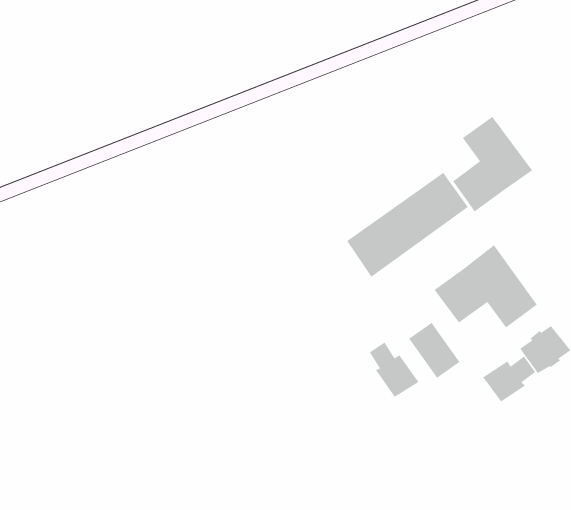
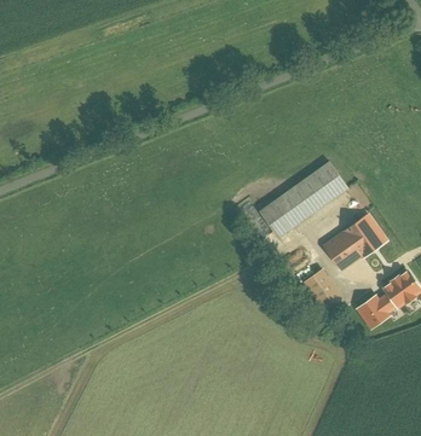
building: [452,116,533,213] -> none
building: [369,341,419,398] -> none

